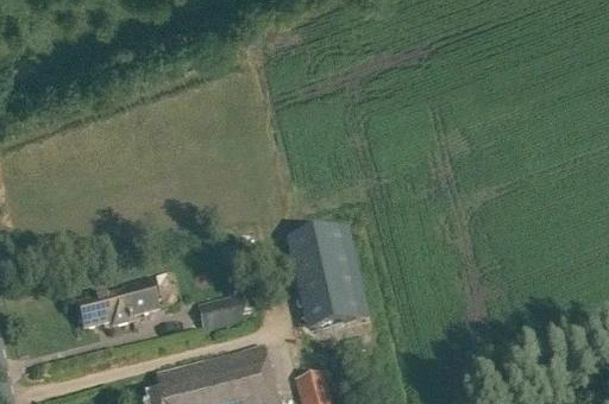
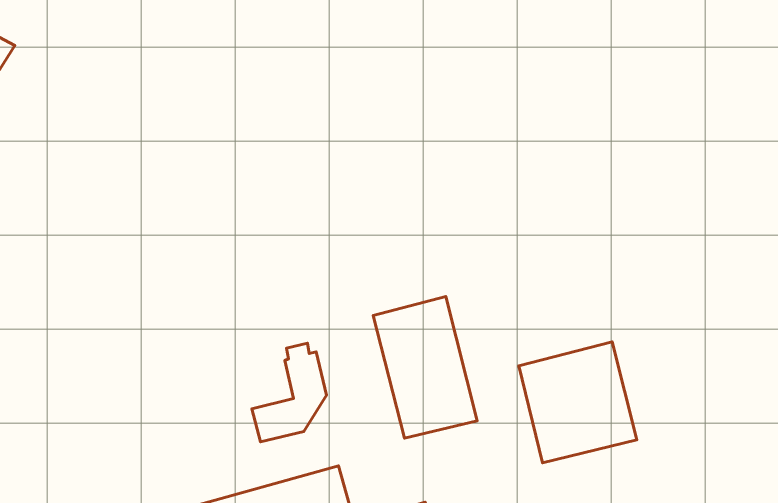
building: none -> [519,342,637,463]
building: [81,276,156,327] -> none

